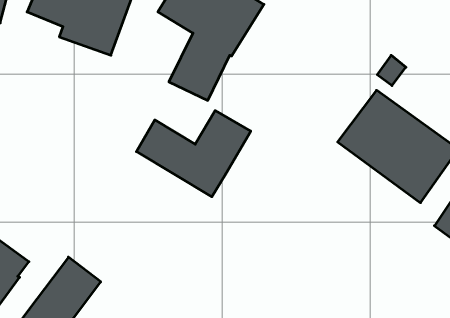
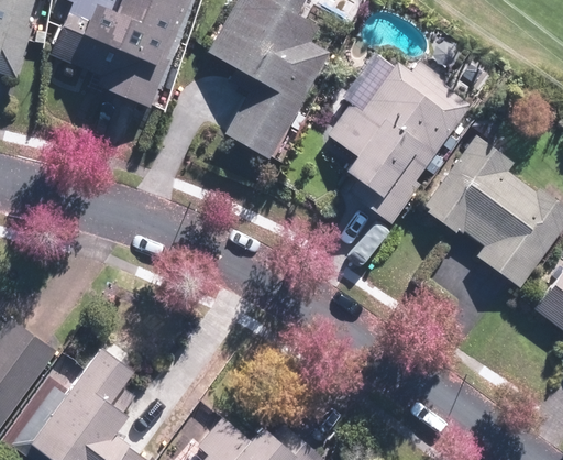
building: none -> [328,58,467,205]
building: [136,111,251,197] -> none

